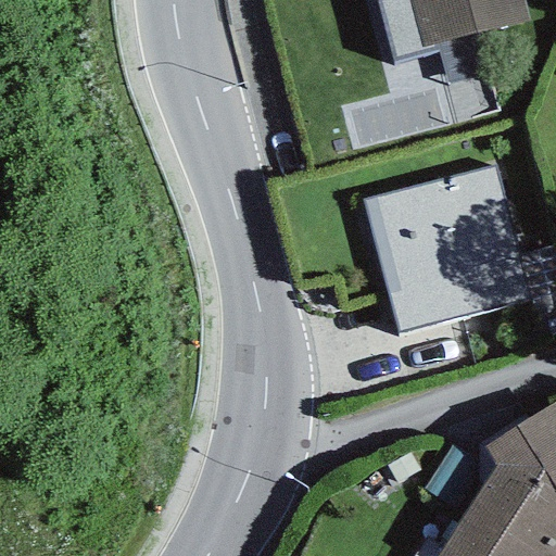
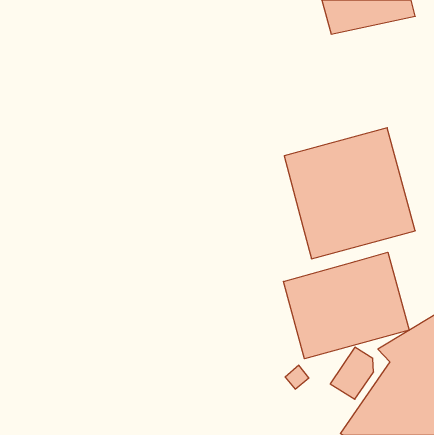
building: none -> [283,252,409,359]

